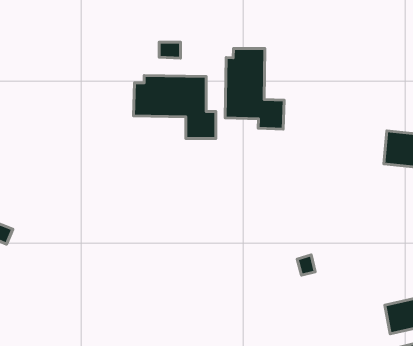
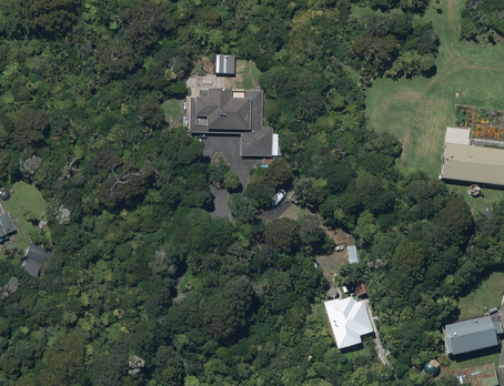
building: [225,49,284,129] -> none
building: none -> [323,297,372,351]

